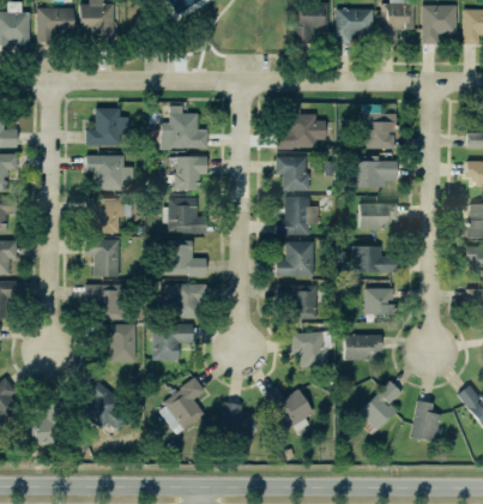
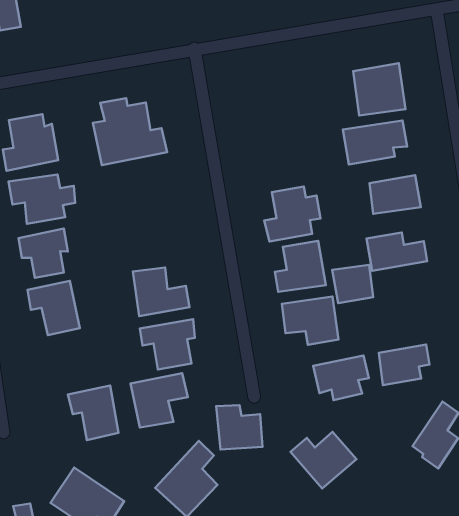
building: [273,114,322,149] -> none
building: [273,156,308,190] -> none
building: [175,157,207,191] -> none
building: [165,200,209,240] -> none
building: [86,284,125,320] -> none
building: [366,288,394,314] -> [332,265,373,303]
building: [222,402,256,439] -> [216,405,263,449]

